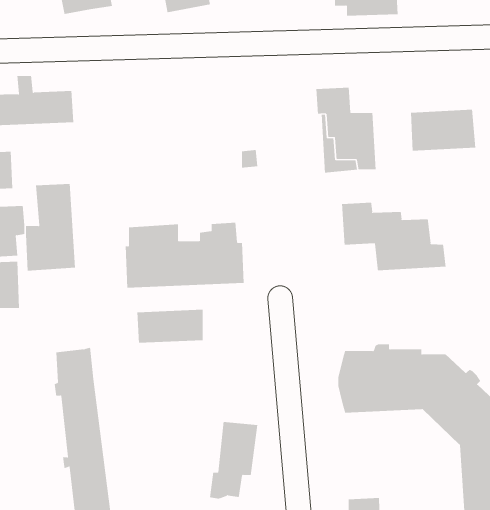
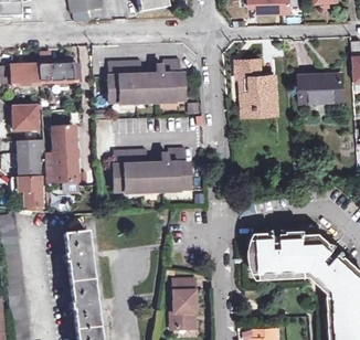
building: none -> [107,61,183,104]
building: [341,202,446,271] -> none
building: [137,309,203,344] -> none

